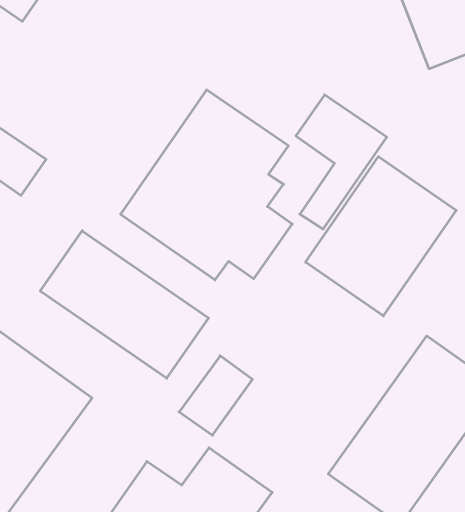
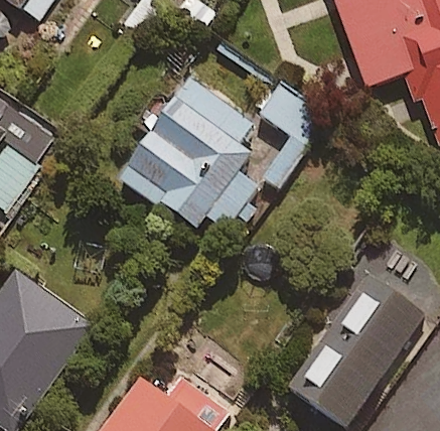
building: [306,157,456,316] -> none
building: [40,231,209,378] -> none

